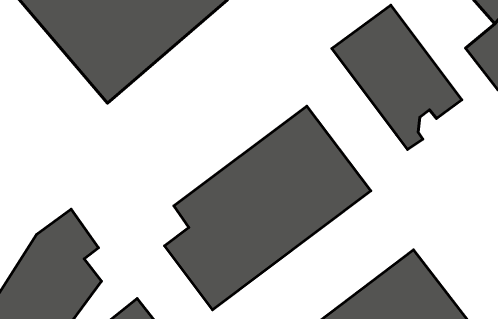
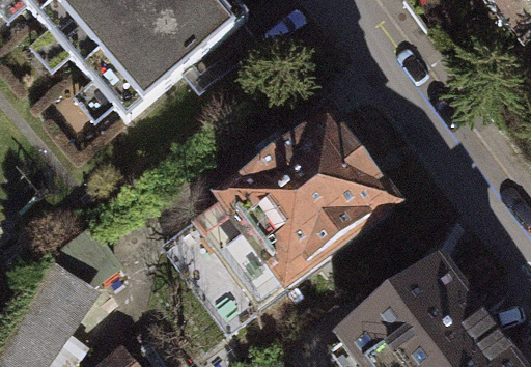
building: [332,5,462,149] -> none

